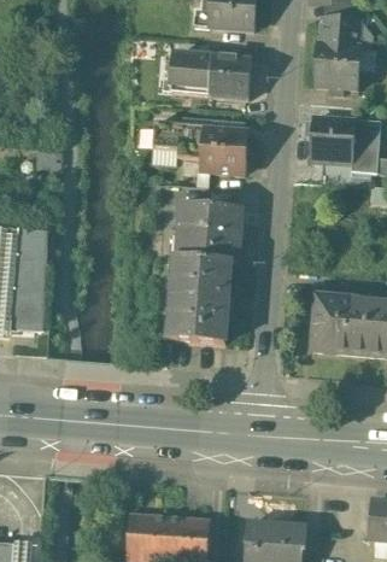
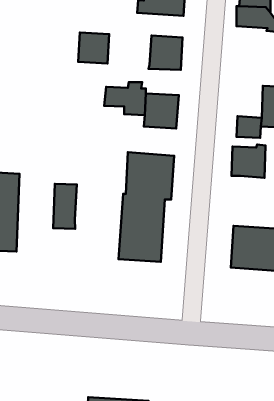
building: [316,42,360,88] -> none
building: [172,52,212,92] -> [78,32,109,64]
building: [311,117,354,159] -> [232,145,266,178]
building: none -> [53,184,77,229]

